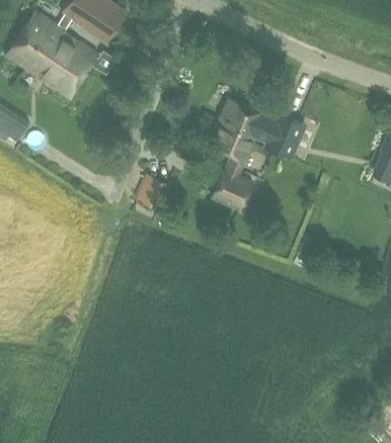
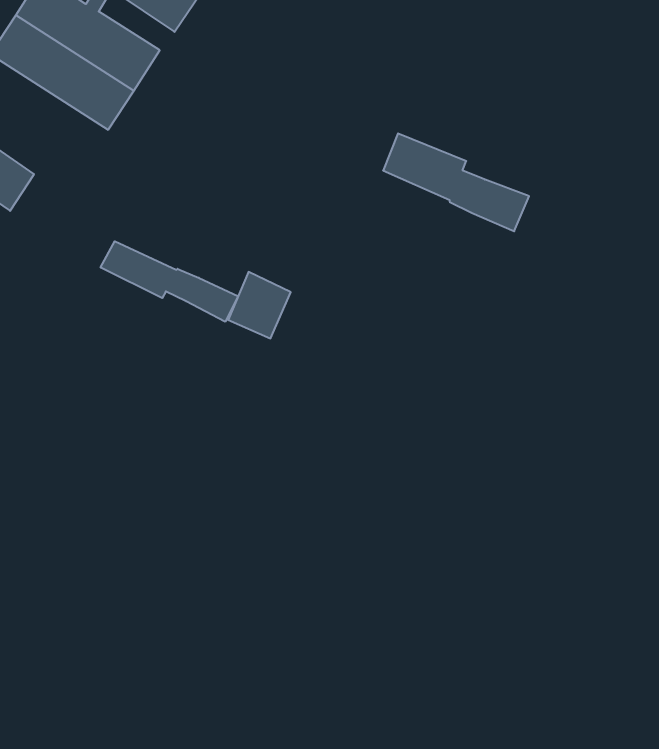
building: [208,118,255,209] -> none
building: none -> [101,241,238,322]

